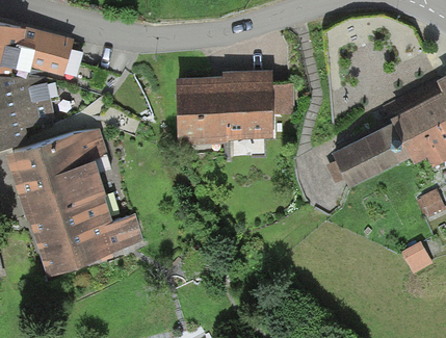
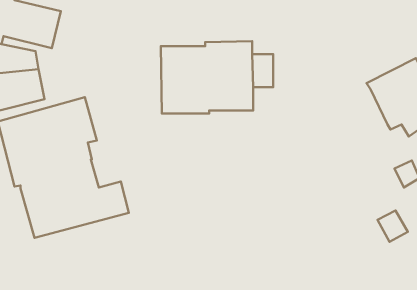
building: [332,120,412,186] -> none

